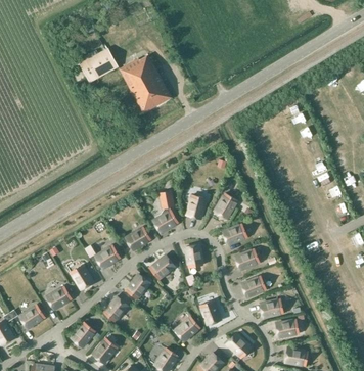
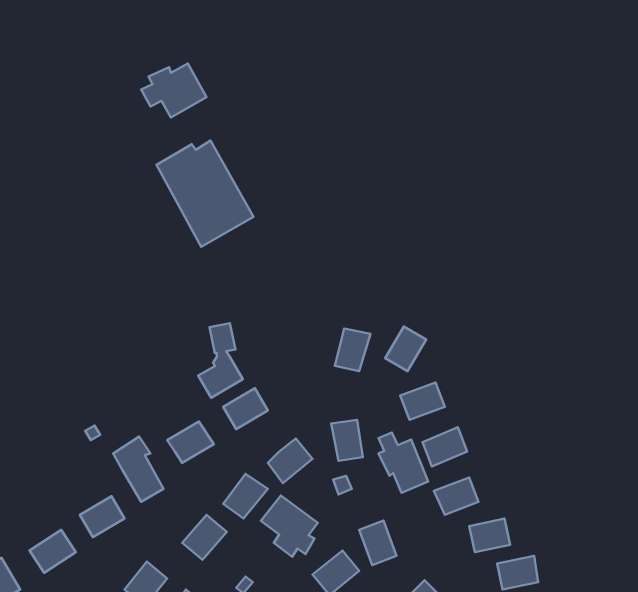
building: [119,55,172,113] -> [157,140,253,247]
building: [153,191,178,232] -> [198,323,243,398]
building: none -> [379,432,428,493]
building: none -> [261,495,318,557]

